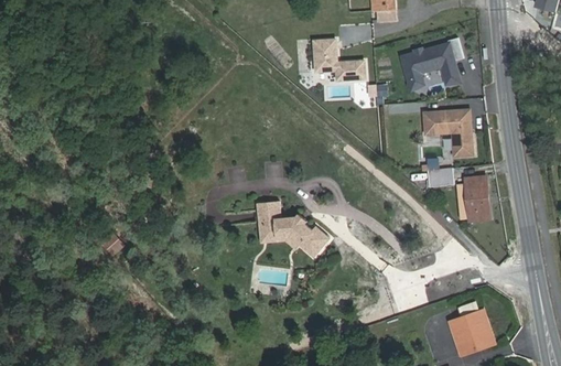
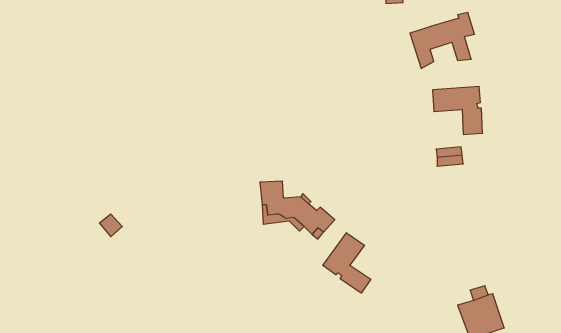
building: [314,42,365,82] -> none
building: [463,176,489,220] -> none
building: none -> [323,233,371,293]

